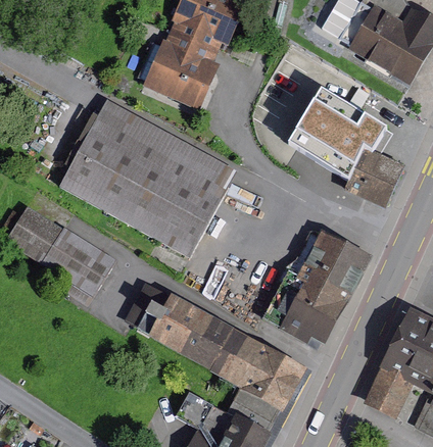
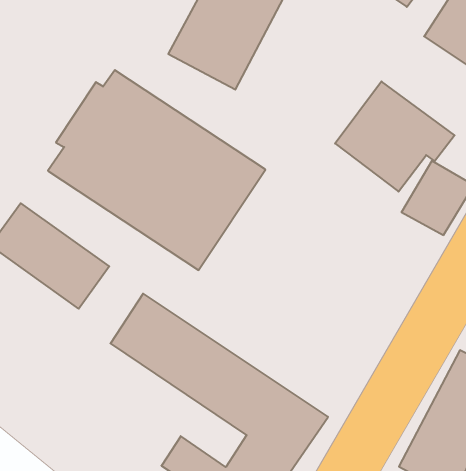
building: [278,230,369,339] -> none

